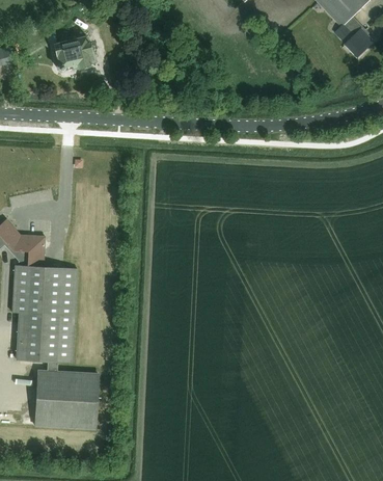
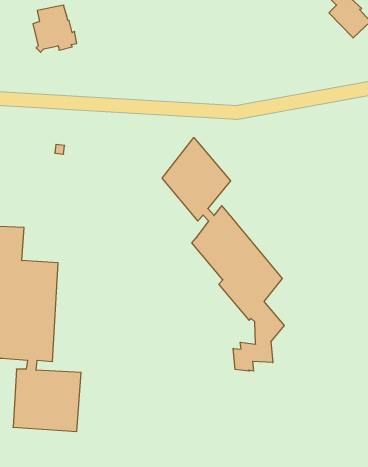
building: none -> [162,138,284,371]

